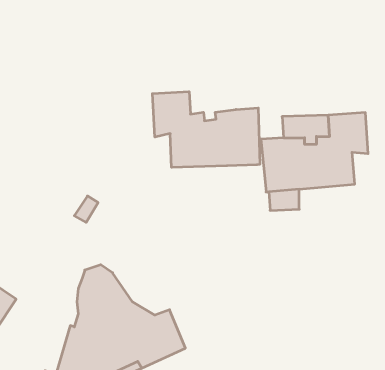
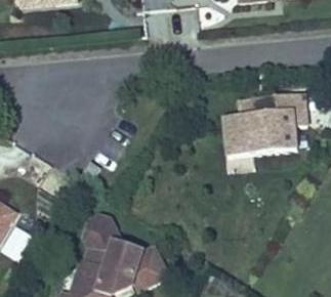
building: [152,92,260,167] -> none

